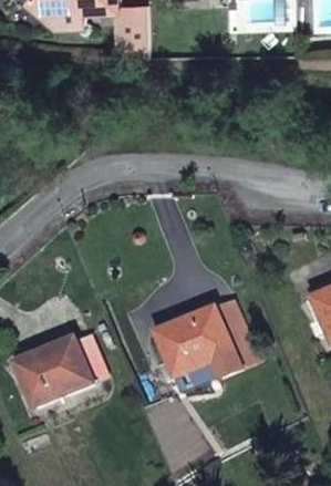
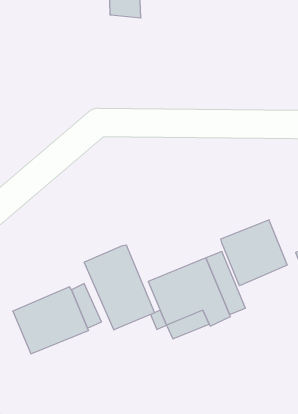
building: none -> [221,220,287,286]
building: none -> [84,245,154,330]

